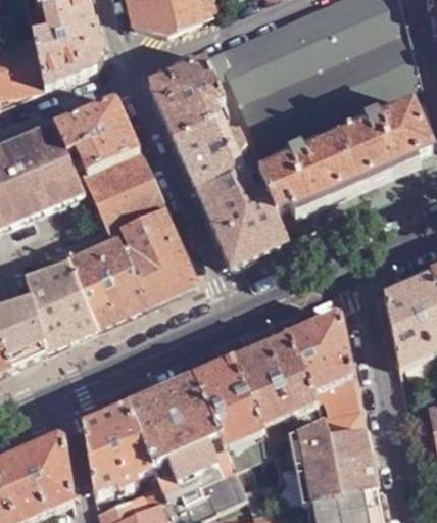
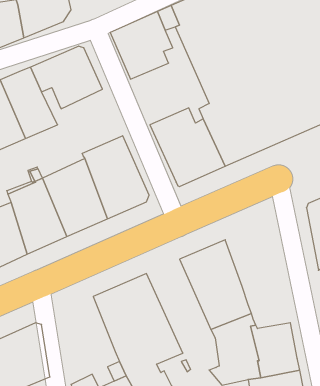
building: [173,117,245,192] -> none
building: [83,149,163,232] -> none
building: [287,310,366,438] -> none
building: [192,354,280,485] -> none
building: [81,399,154,491] -> none

